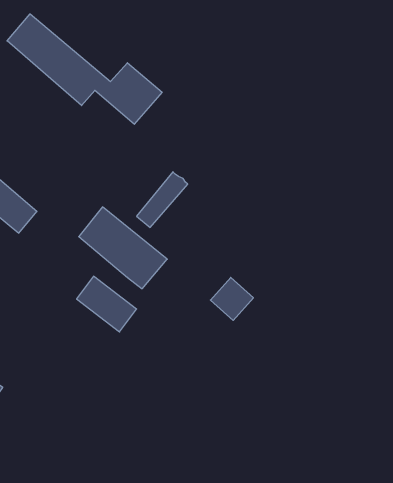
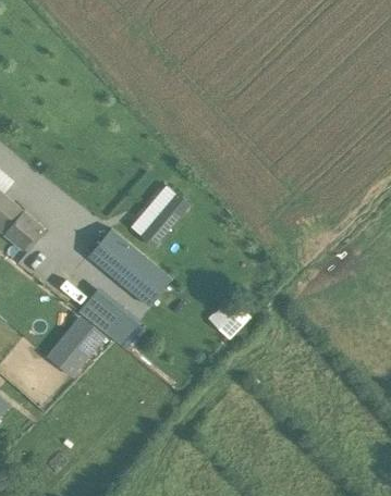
building: [7,14,162,124] -> none
building: none -> [49,322,102,377]

